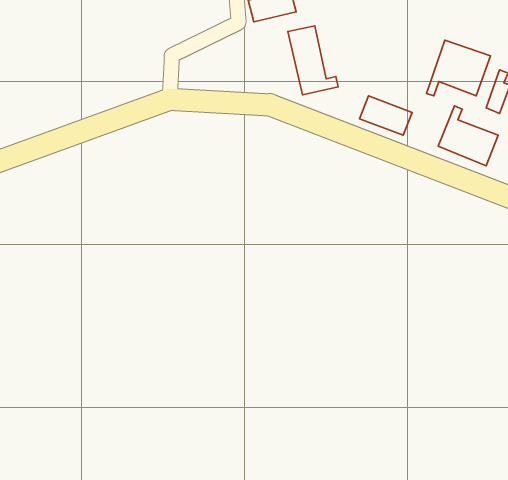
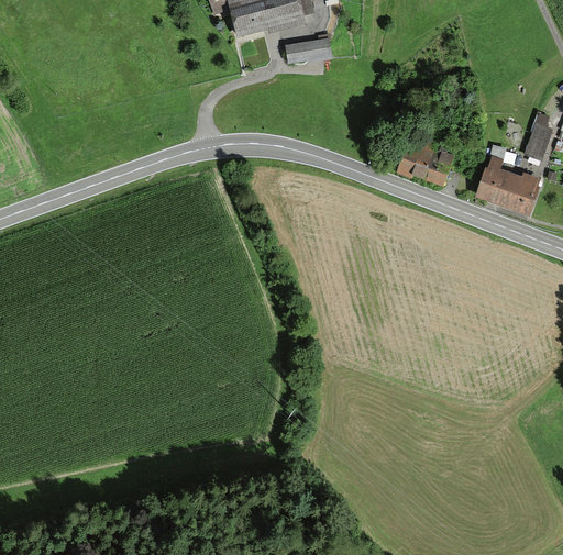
building: [288,26,338,95] -> none
building: [427,40,490,96] -> none

